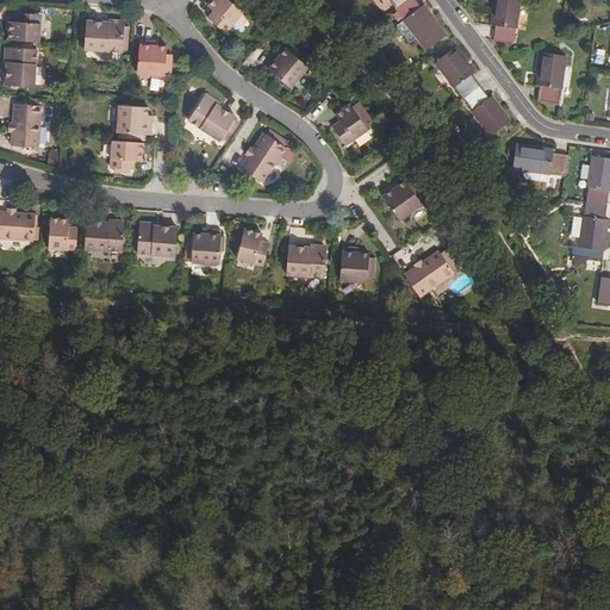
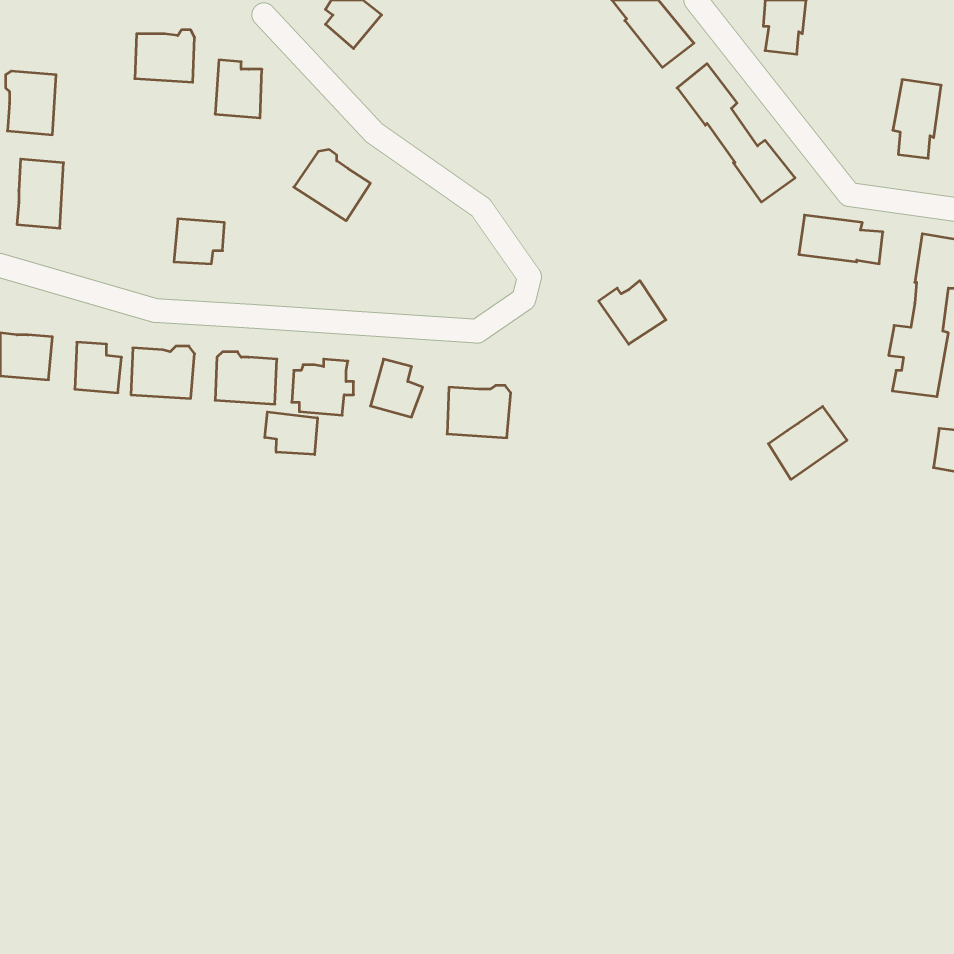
building: [11,12,43,42] -> none
building: [534,46,565,97] -> [893,80,941,158]
building: [268,49,311,88] -> none
building: [334,105,371,145] -> none
building: [119,106,154,135] -> none
building: [242,135,288,185] -> none
building: [340,248,369,282] -> none
building: [405,253,455,299] -> [768,406,847,479]
building: none -> [265,412,317,455]

